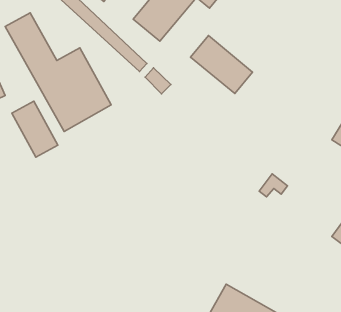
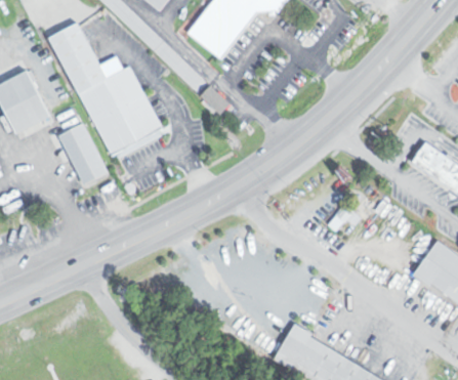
building: [191,35,253,94] -> none

